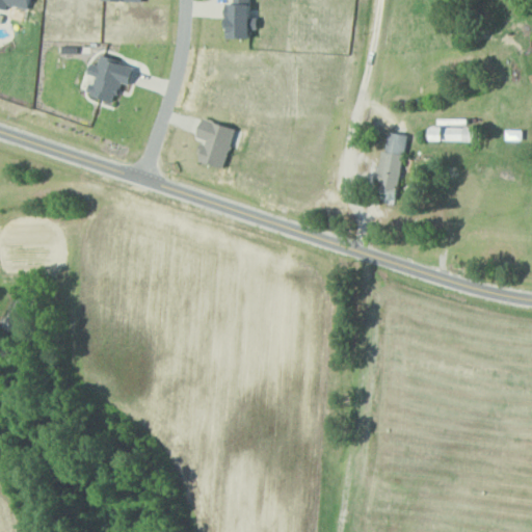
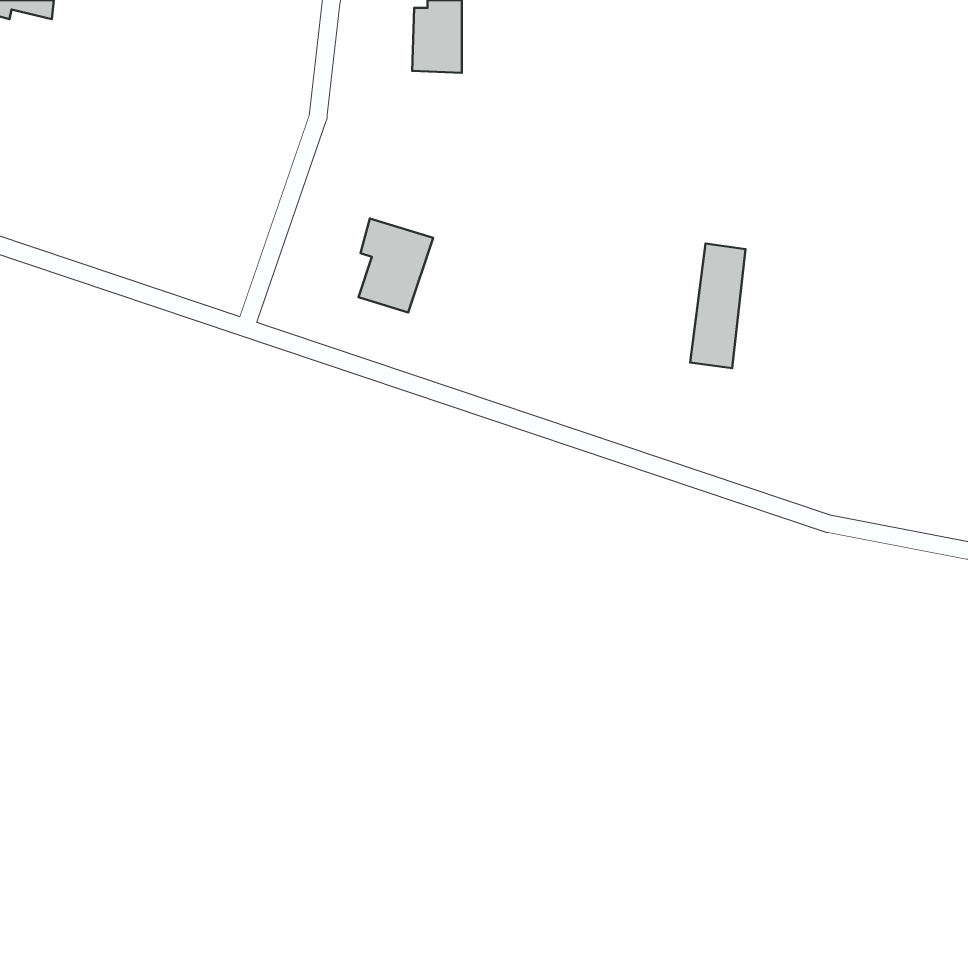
building: [87,56,134,103] -> none
building: [427,118,473,141] -> none

